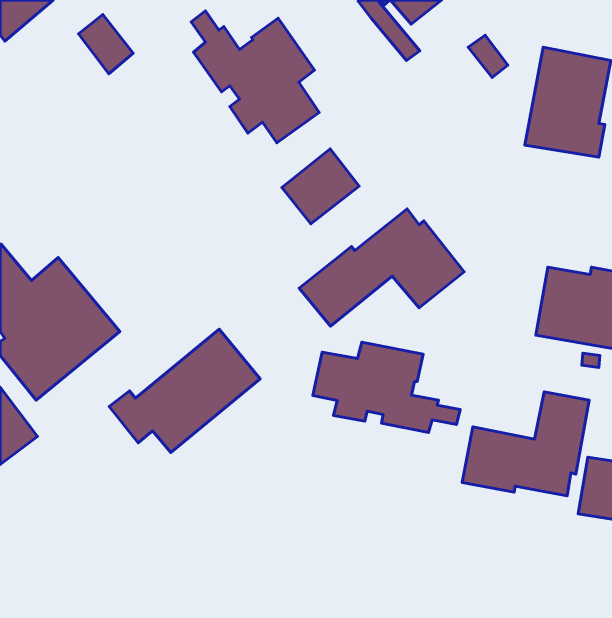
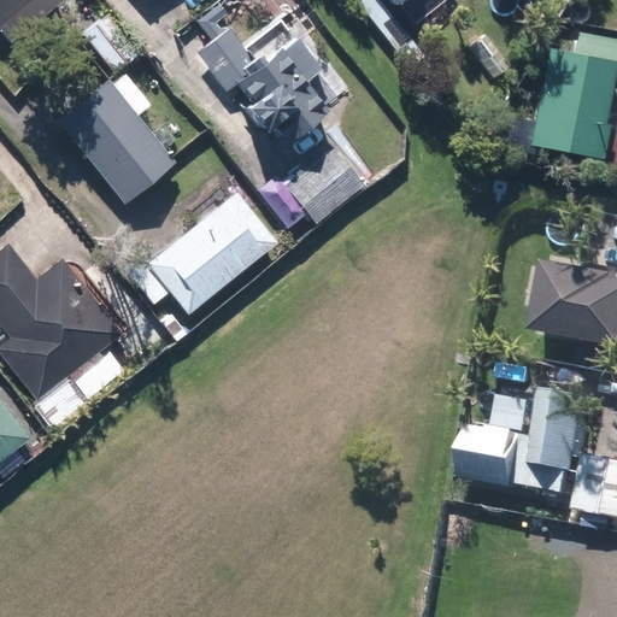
building: none -> [55,74,174,202]
building: [299,209,464,326] -> none
building: [109,329,260,453] -> [125,192,276,315]
building: [313,342,460,433] -> none

